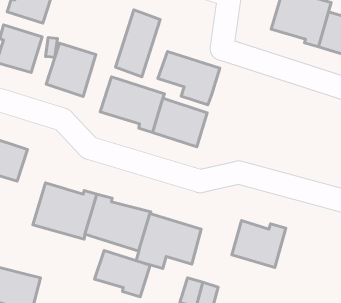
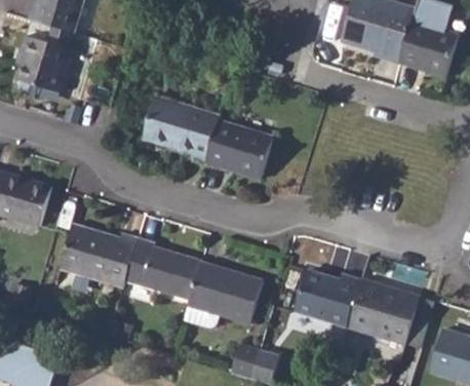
building: [115,10,160,77] -> none
building: [46,43,96,96] -> none
building: [158,52,220,105] -> none
building: none -> [347,278,418,343]
building: [94,251,150,297] -> none

